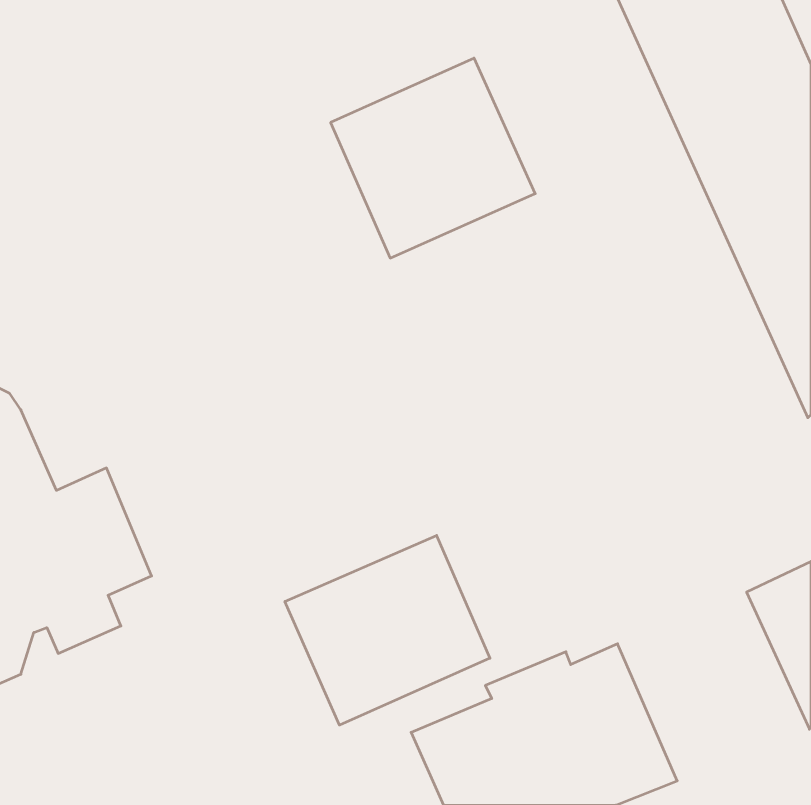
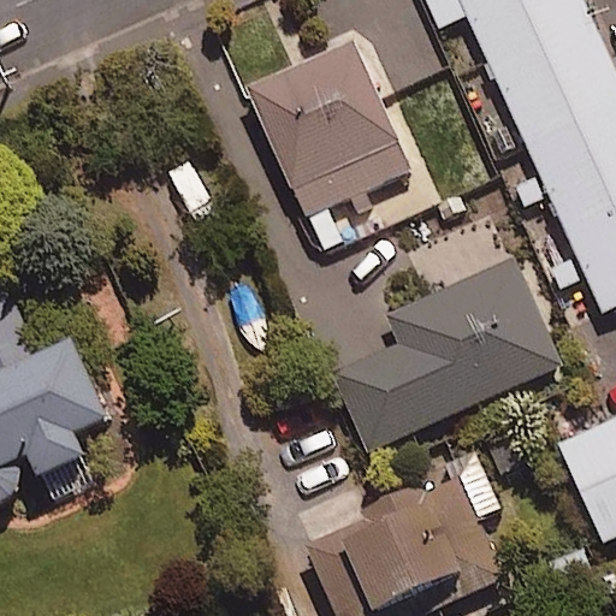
building: none -> [333,257,562,451]
building: [285,535,490,725] -> none

